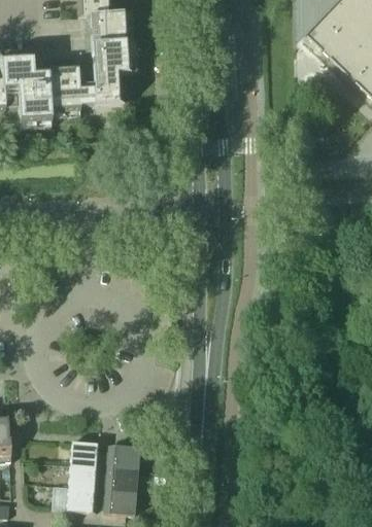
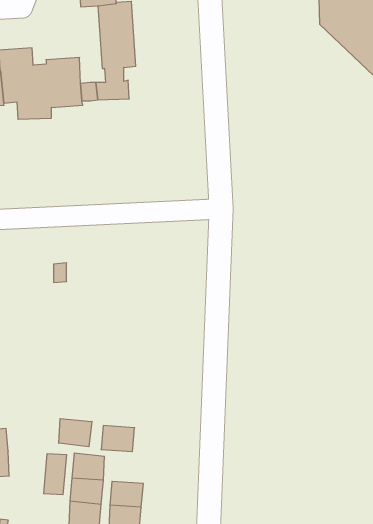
building: none -> [59,419,92,447]
building: none -> [44,454,66,495]
building: [107,446,139,470] -> [101,426,135,452]

